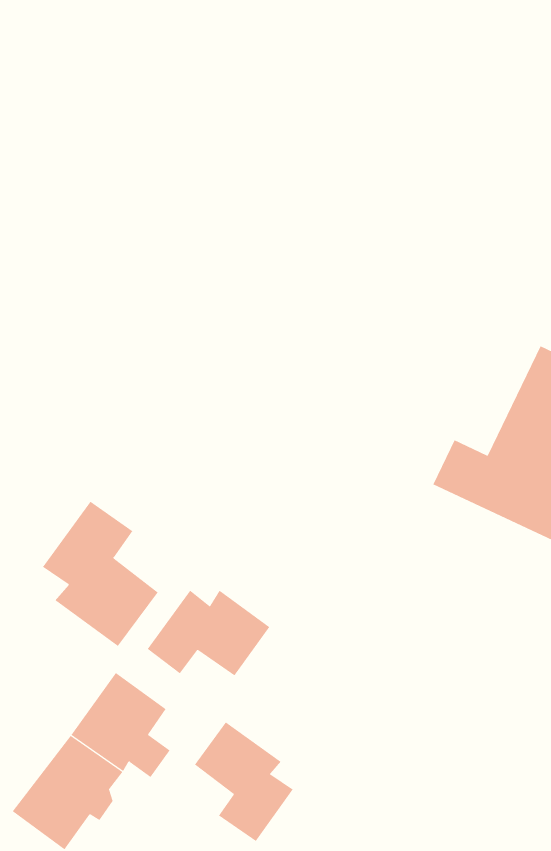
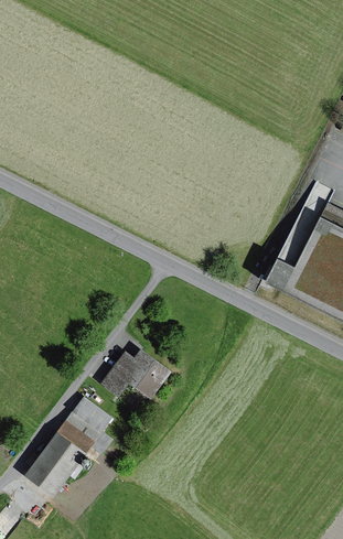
building: [42,501,158,647] -> none
building: [194,721,293,842] -> none

